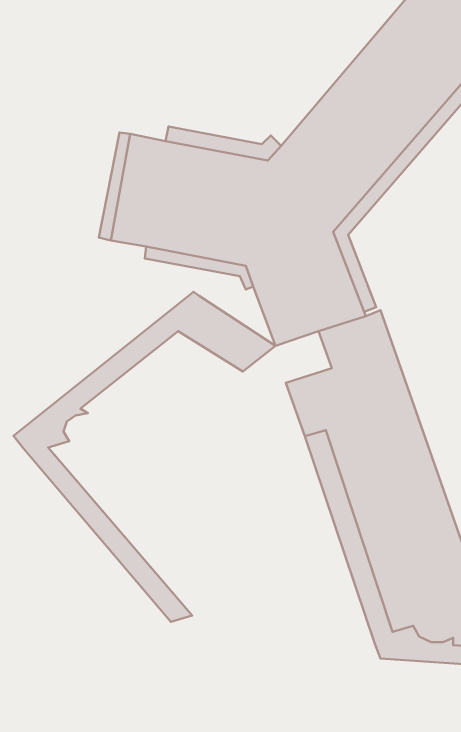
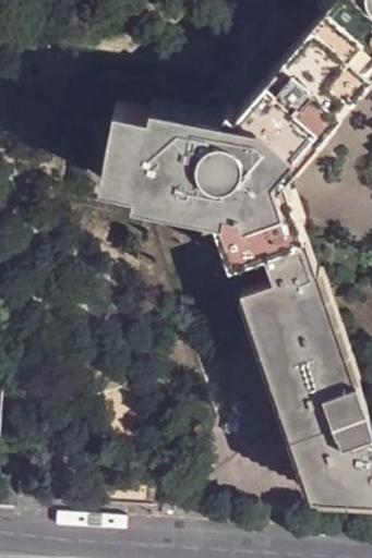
building: [14,292,275,622] -> none

